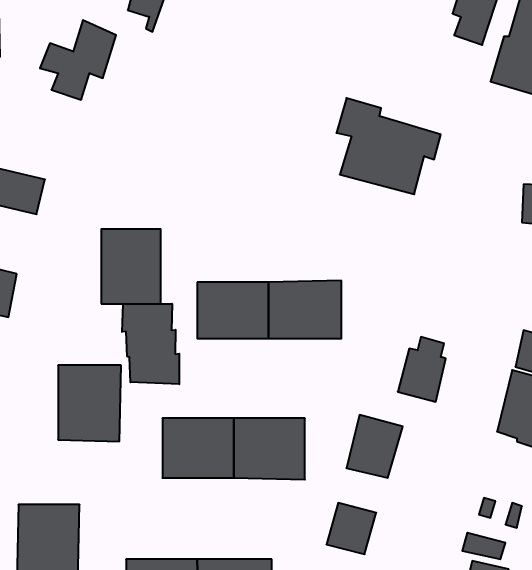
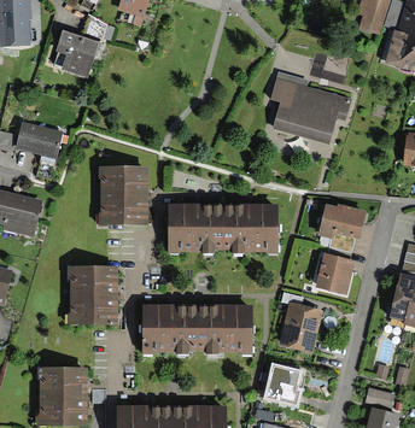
building: none -> [320,205,363,251]
building: [122,304,179,384] -> none

